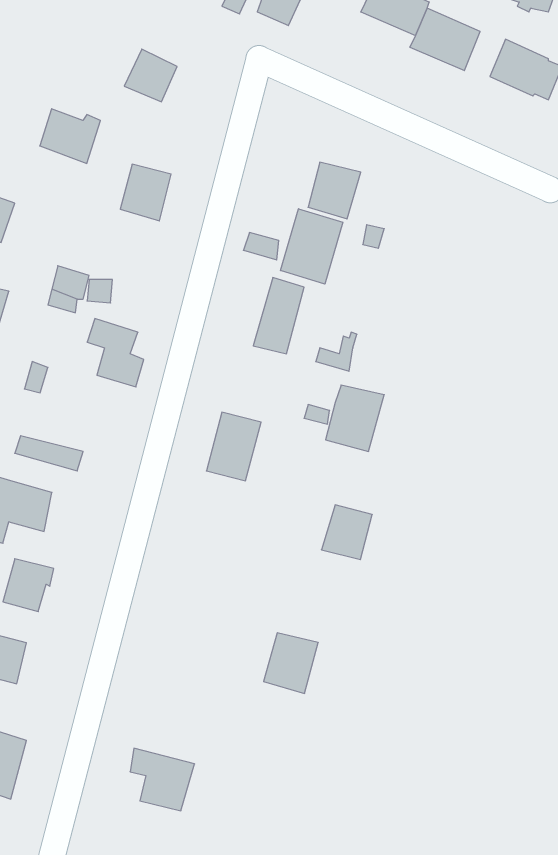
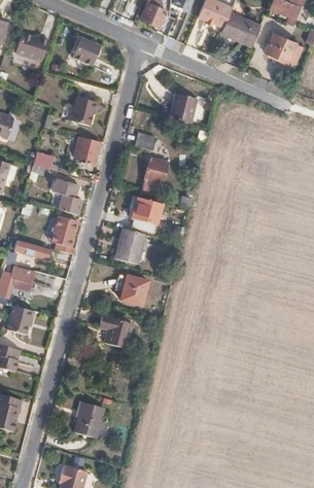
building: [40,109,100,163] -> [15,31,47,60]
building: [281,209,343,284] -> none
building: none -> [74,136,100,165]
building: [326,385,384,451] -> [131,198,162,233]
building: none -> [53,215,76,253]
building: [321,505,372,560] -> [119,275,146,304]
building: [264,633,318,693] -> [98,315,127,347]

